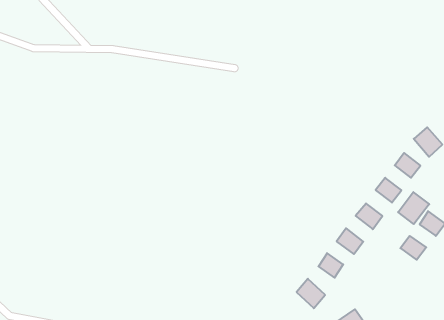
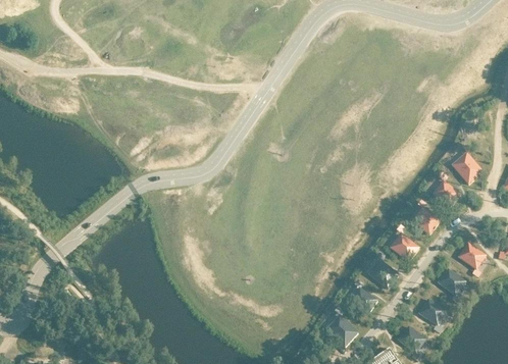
building: [398,192,429,224] -> none
building: none -> [419,298,447,324]
building: none -> [399,325,426,352]

